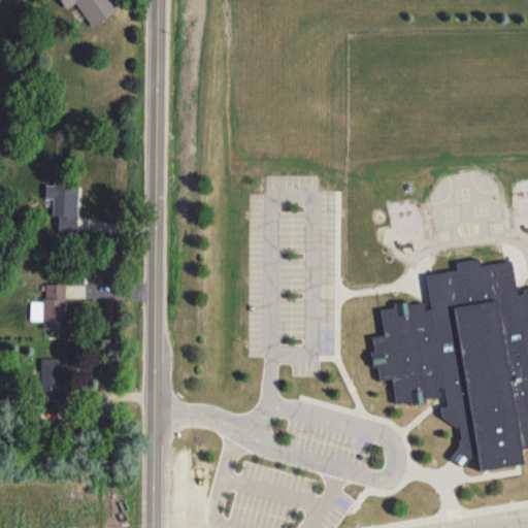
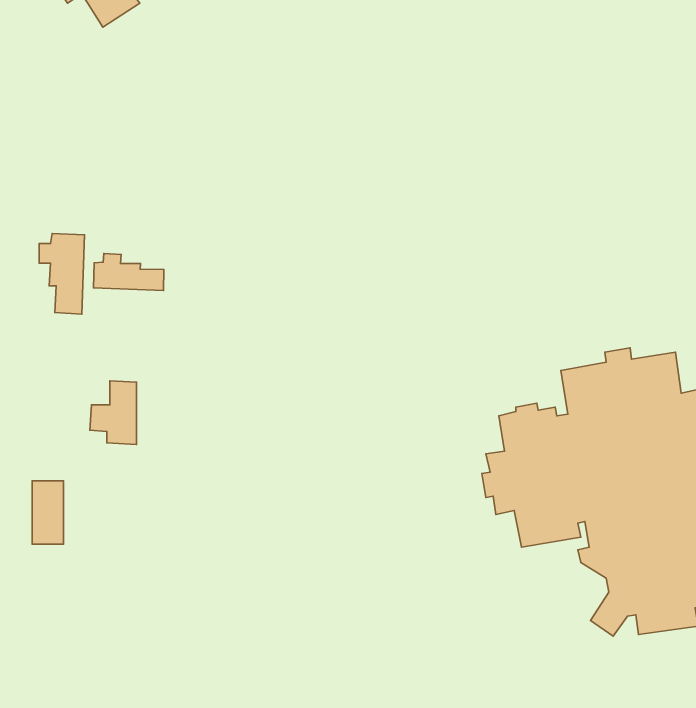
building: none -> [94,253,164,290]
building: [31,283,65,329] -> [90,381,137,444]

